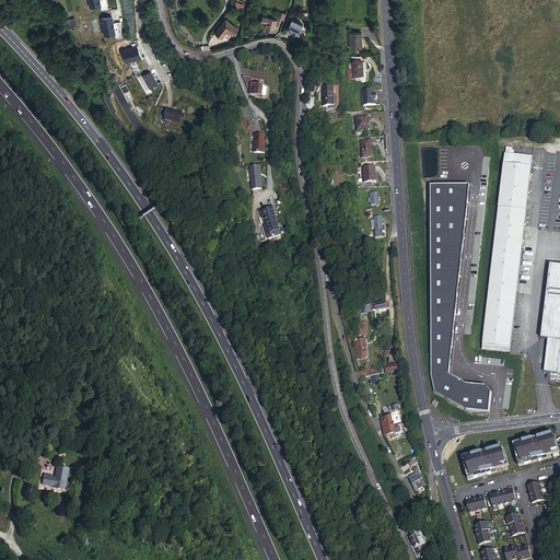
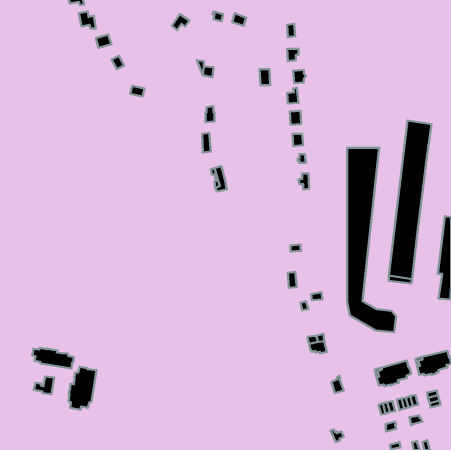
building: none -> [32,348,74,368]
building: none -> [68,367,97,410]

